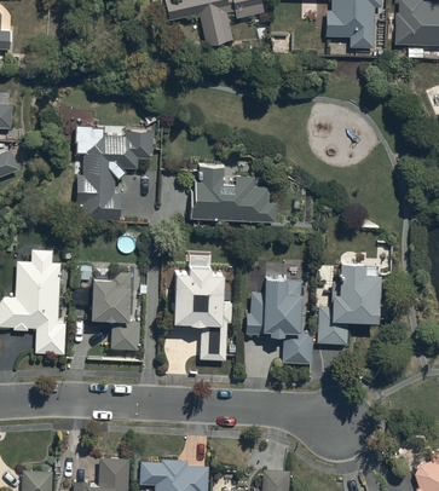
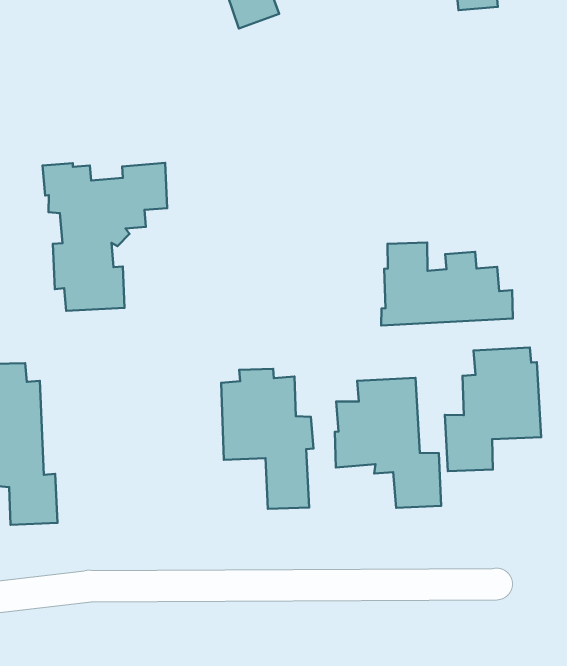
building: [190,167,276,221] -> [381,242,513,326]
building: [89,271,139,351] -> none

